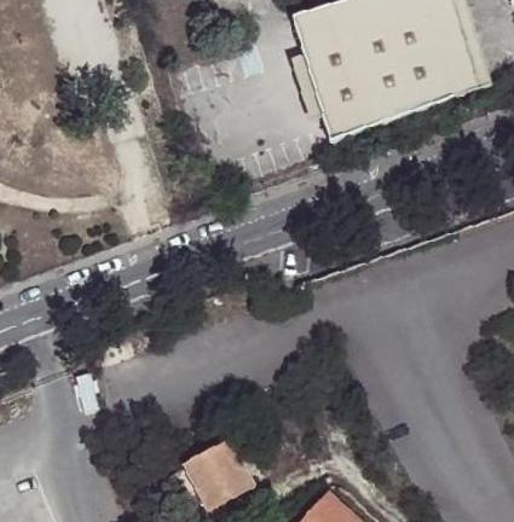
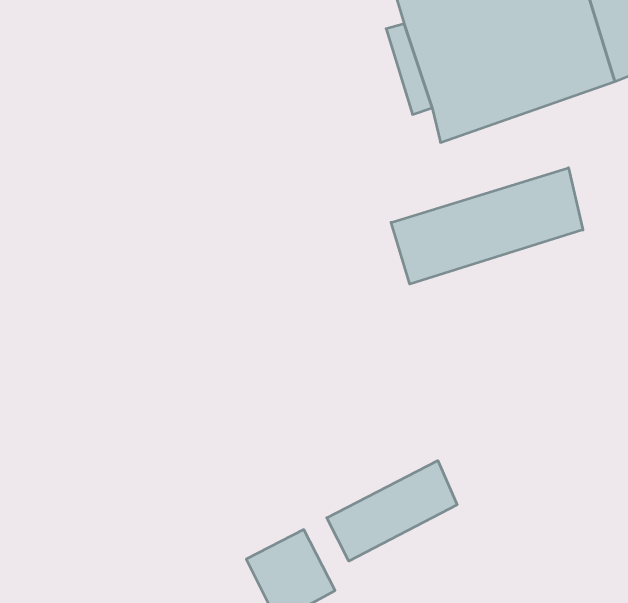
building: none -> [391,168,583,284]
building: none -> [327,461,457,561]

